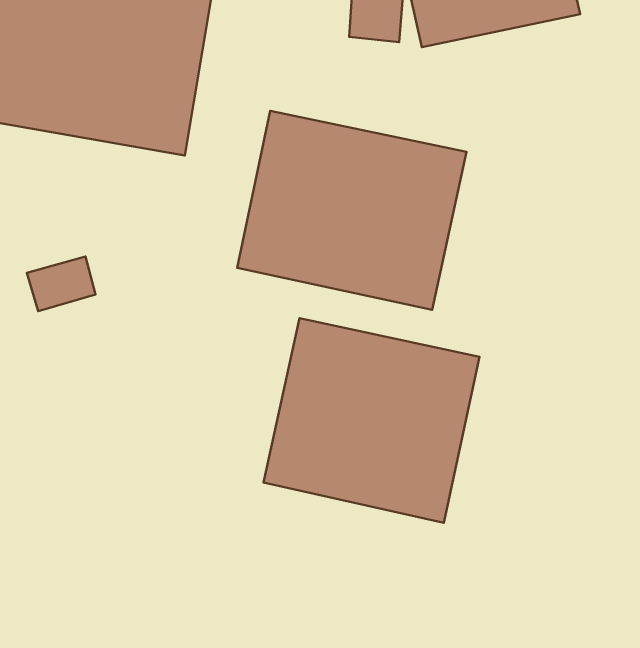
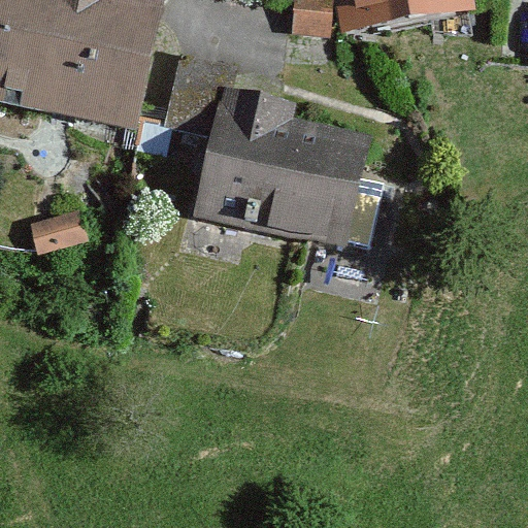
building: [263,318,479,523] -> none

